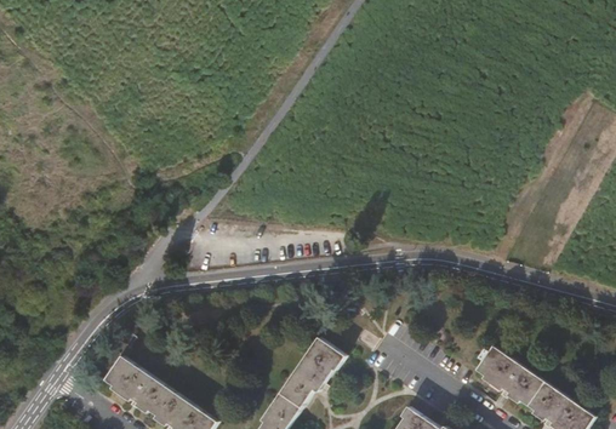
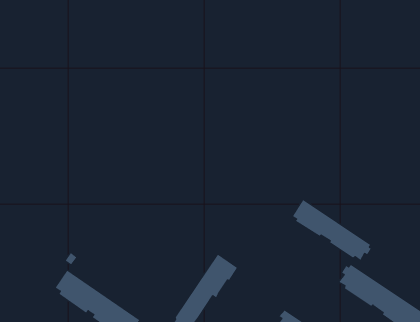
building: none -> [292,199,372,261]

